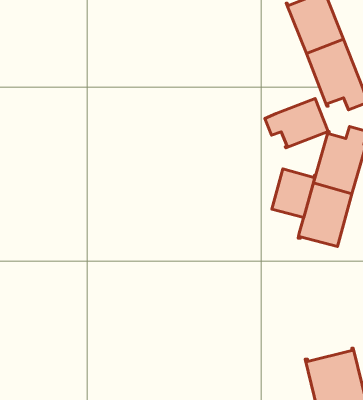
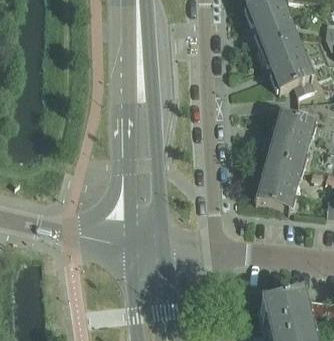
building: [265,98,328,148] -> none
building: [272,169,315,218] -> none

